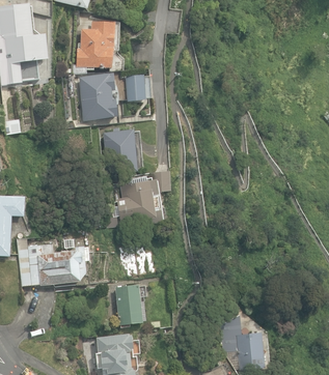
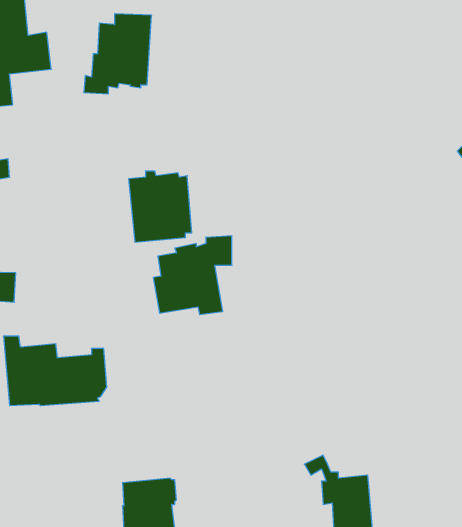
building: [75,74,115,120] -> none
building: [127,75,145,100] -> none
building: [115,284,146,328] -> none

